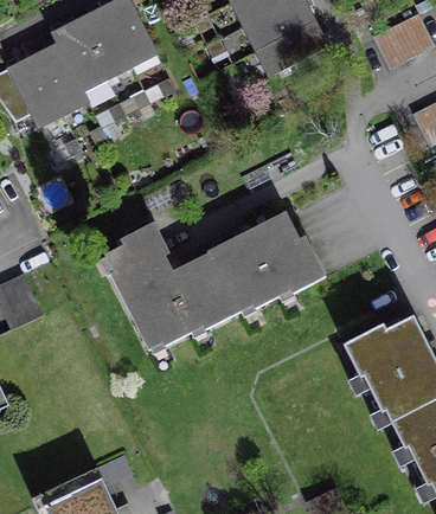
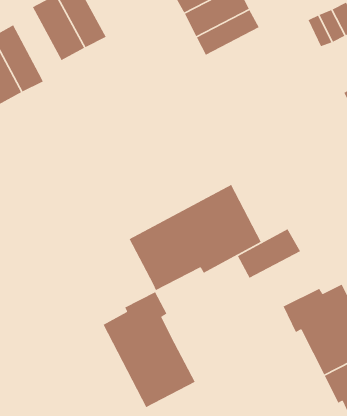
building: [50,20,105,92] -> none
building: [103,224,205,352] -> [102,291,196,408]
building: none -> [237,228,301,279]

